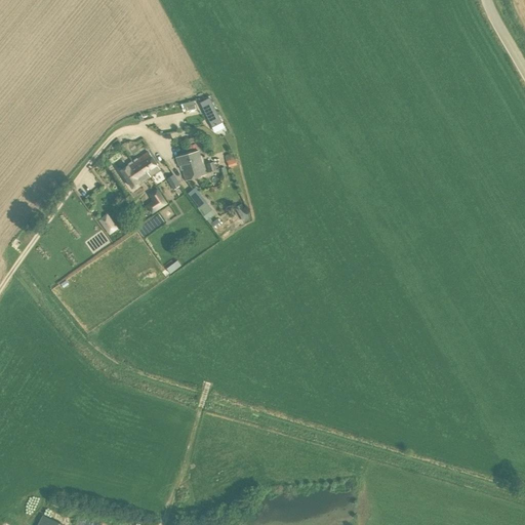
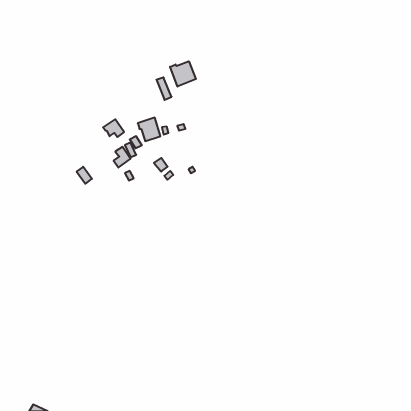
building: none -> [170,61,196,87]
building: [119,162,150,187] -> none

